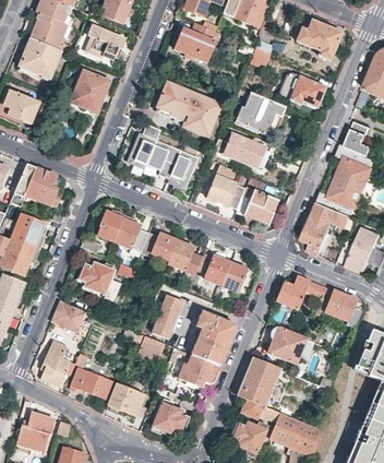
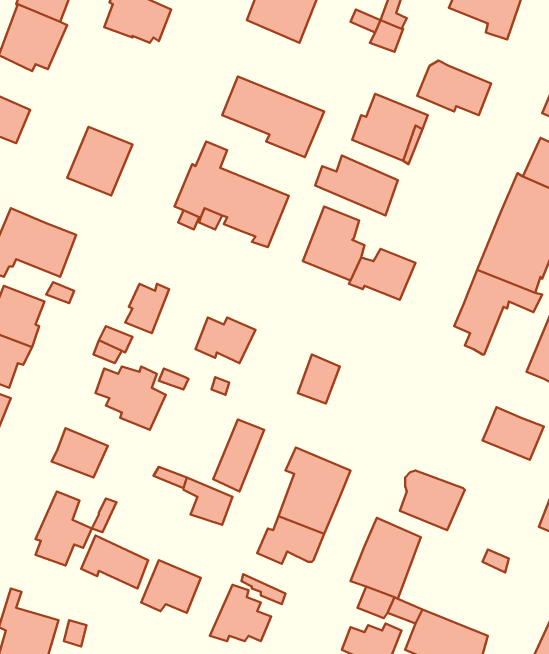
building: [70,70,110,112] -> [67,127,132,196]
building: [113,214,148,251] -> none
building: [168,239,202,274] -> none
building: [221,262,248,293] -> none
building: [276,275,327,309] -> none

